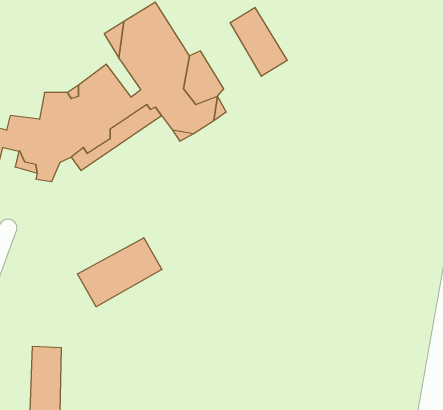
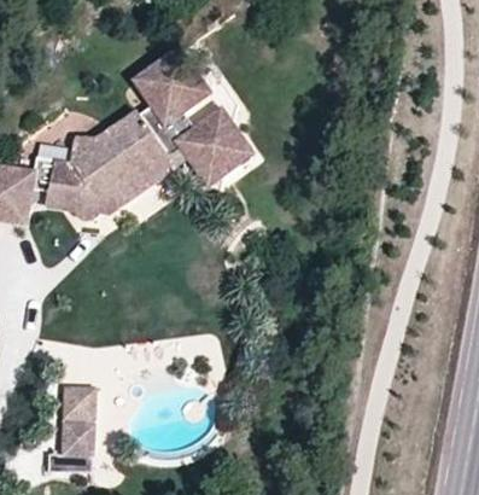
building: [230,7,287,76] -> none
building: [77,238,162,307] -> none

